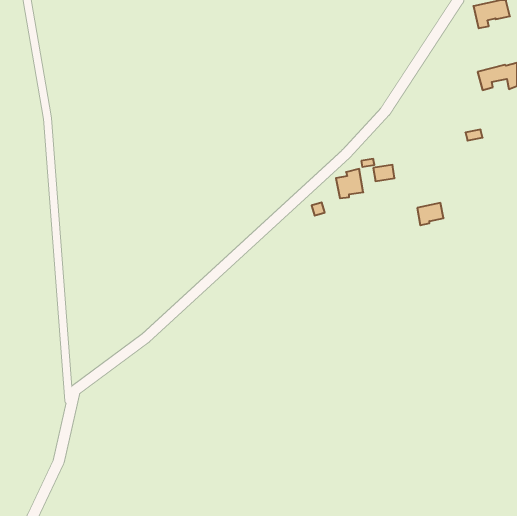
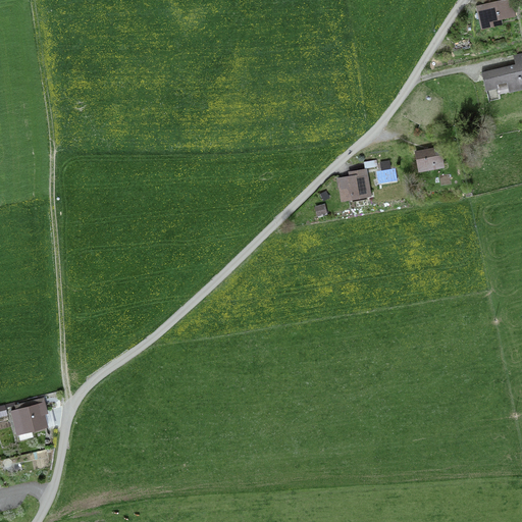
building: [417,203,444,225] -> [416,149,442,171]
building: none -> [11,401,48,435]

